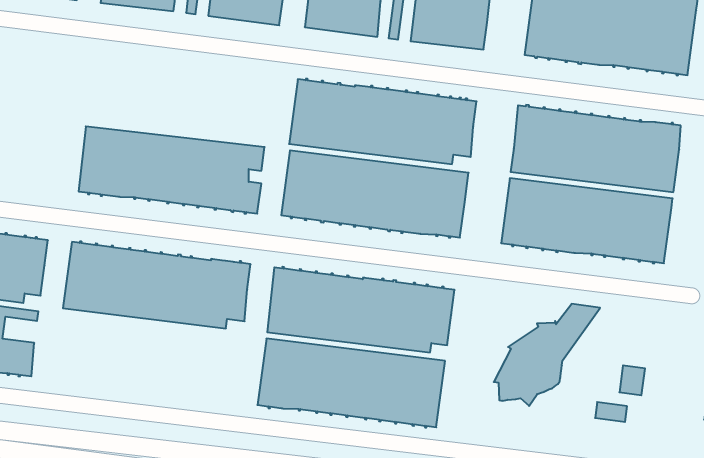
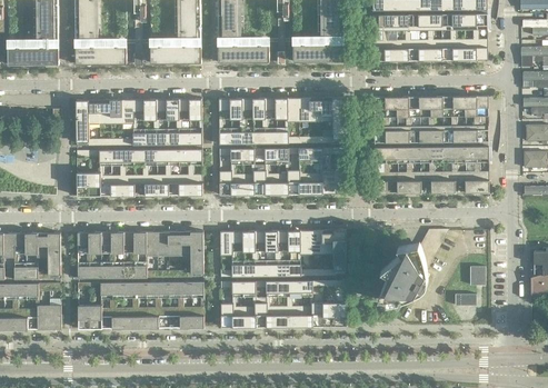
building: none -> [76,97,201,145]
building: none -> [77,281,203,329]

